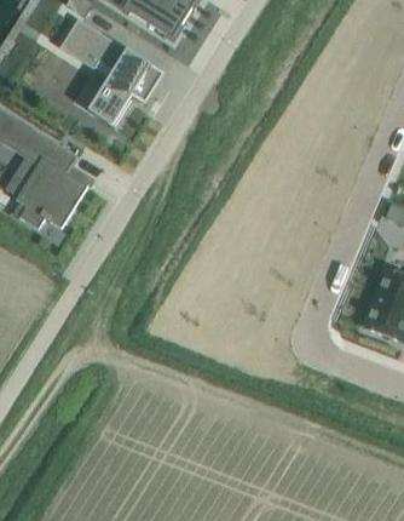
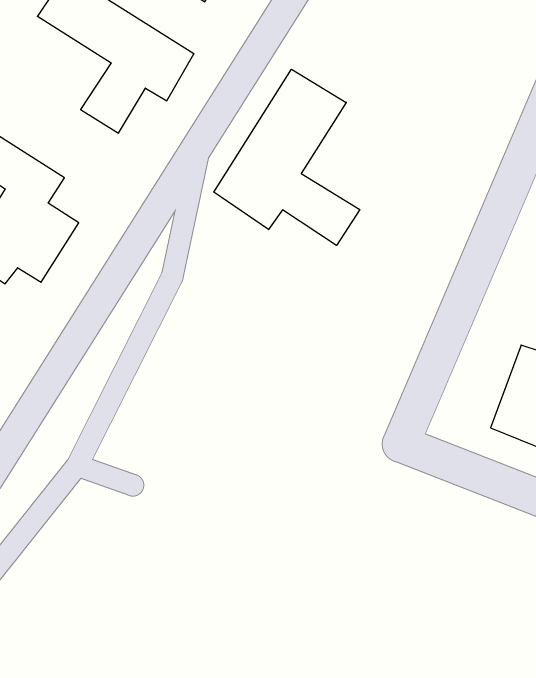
building: none -> [214,69,360,245]

